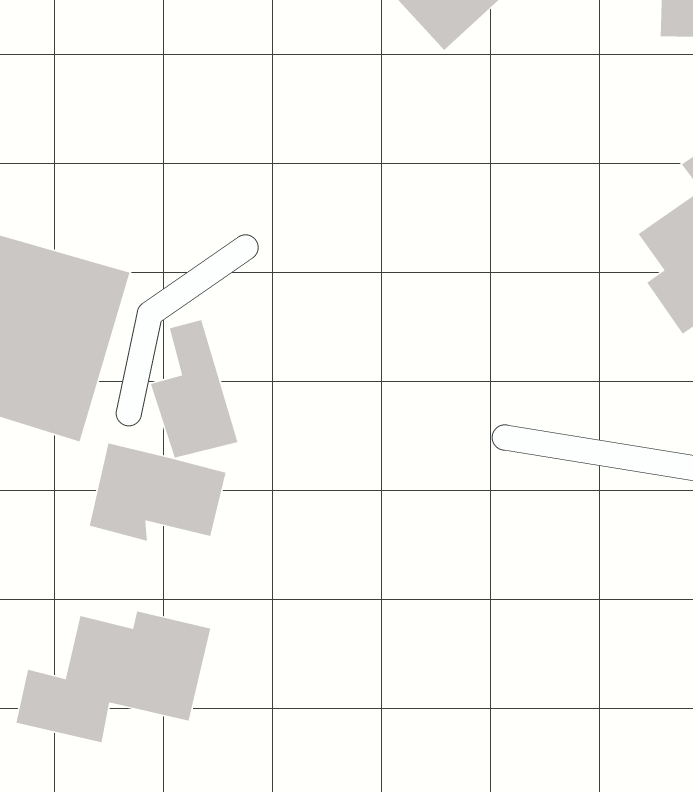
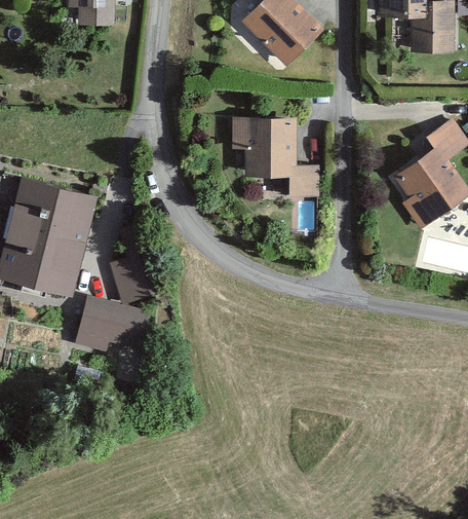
building: none -> [232,118,320,201]
building: [16,611,211,743] -> none

